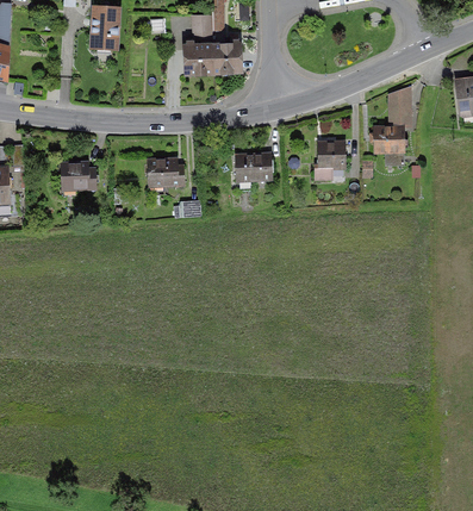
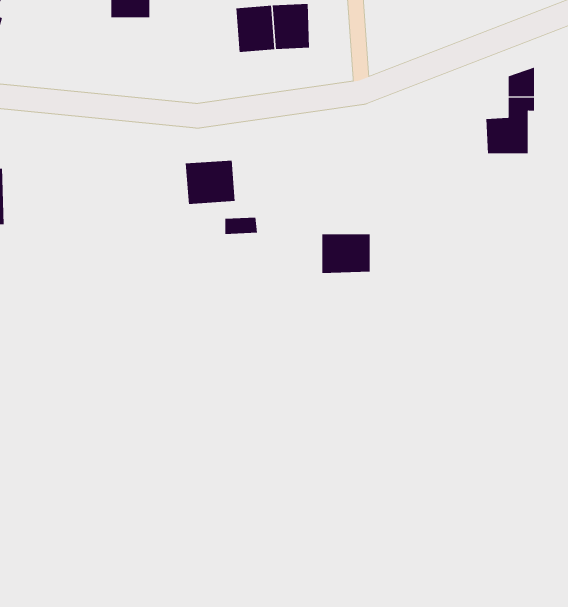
building: [316,138,348,168] -> none
building: [235,150,272,180] -> [321,234,371,274]
building: [57,163,97,192] -> none

